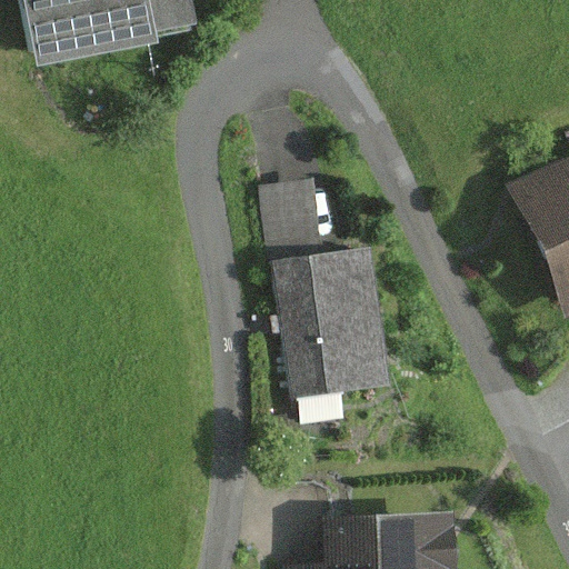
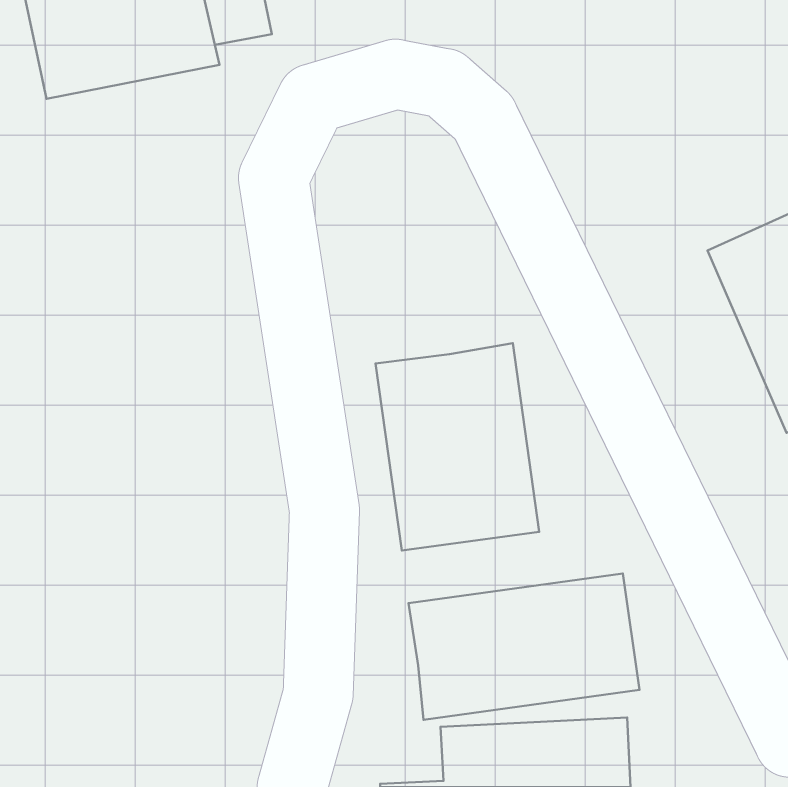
building: [261,180,325,261] -> none
building: none -> [408,573,640,720]

